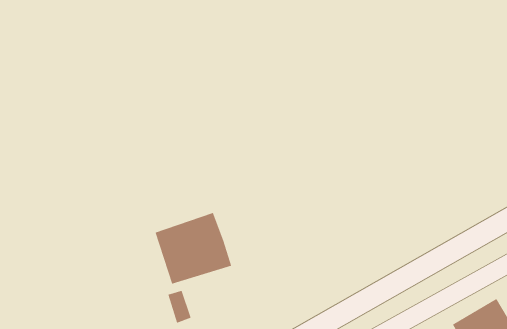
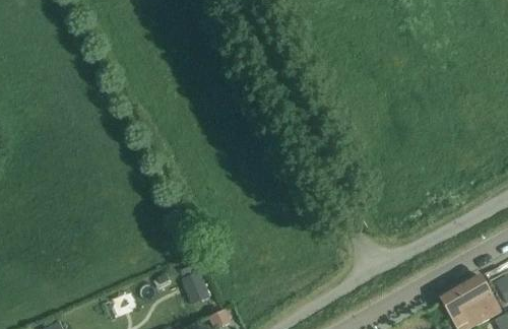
building: [155,212,232,285] -> none

